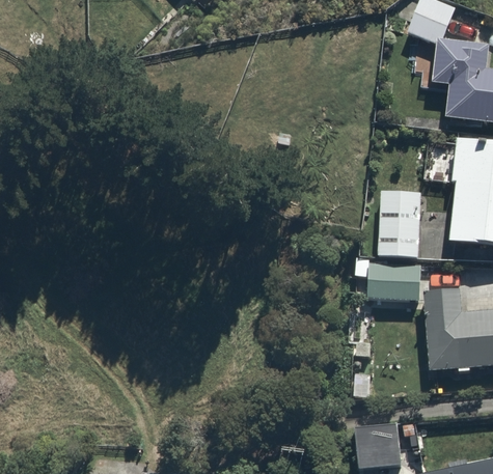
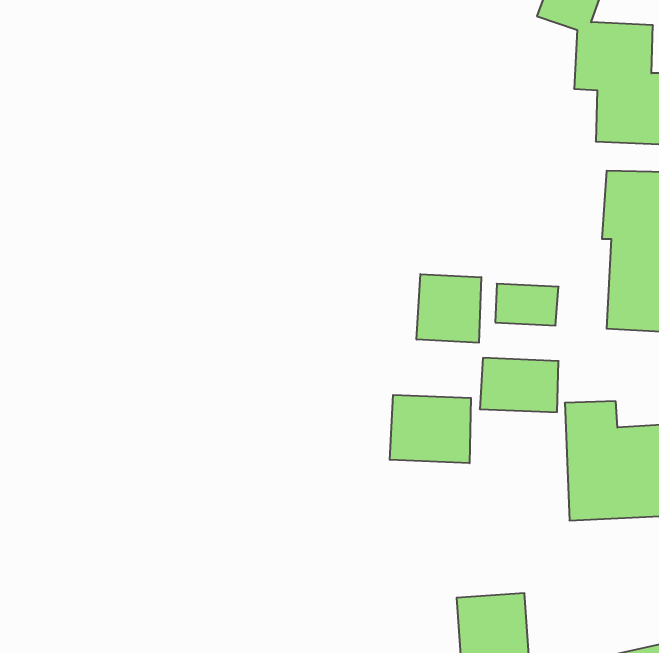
building: none -> [417,274,481,343]
building: none -> [390,395,471,463]

